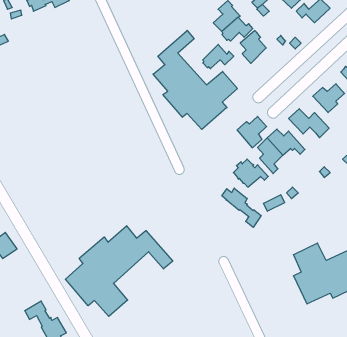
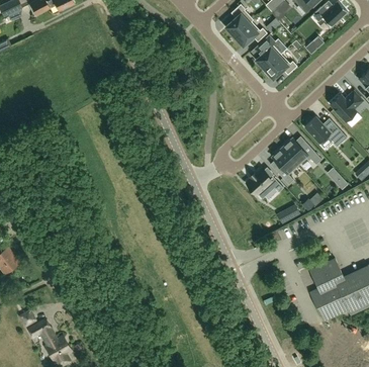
building: [153,30,237,129] -> none
building: [203,44,234,69] -> [265,54,297,79]
building: [237,116,267,148] -> none
building: [222,188,261,227] -> none
building: [65,226,173,316] -> none

